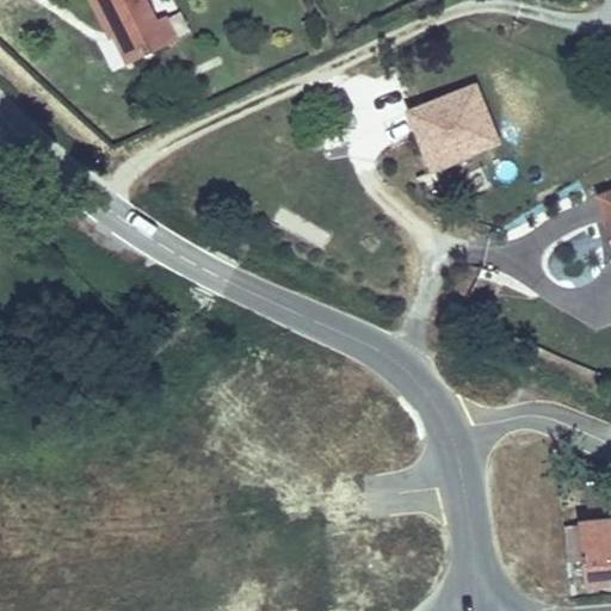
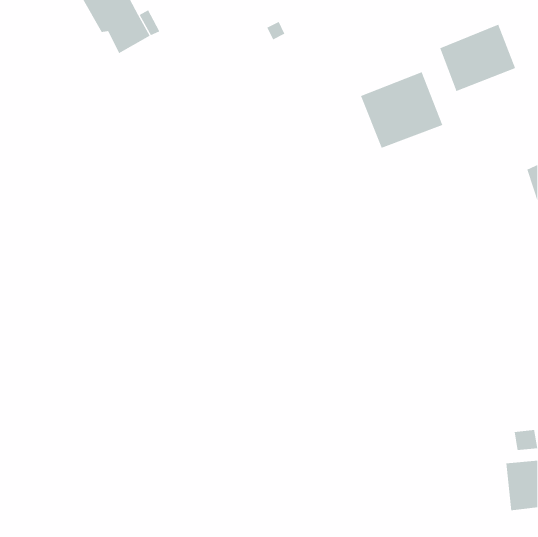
building: none -> [440,24,516,92]

